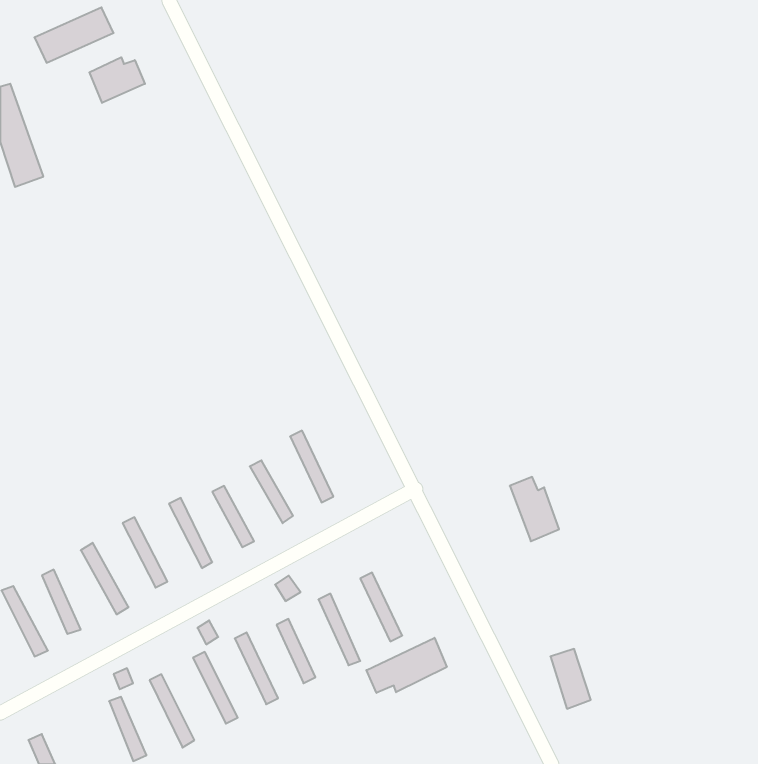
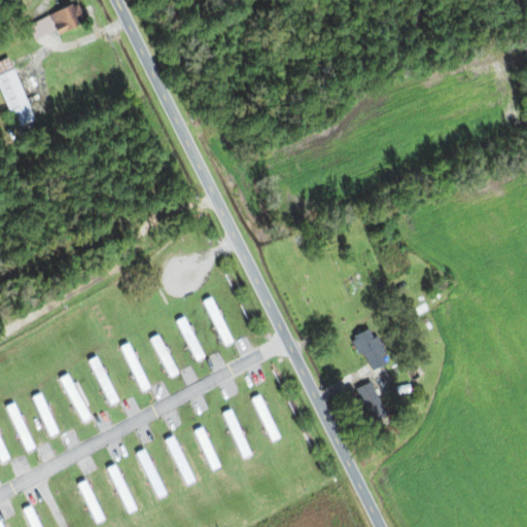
building: [89,57,145,103] -> none
building: [366,638,447,693] -> none
building: [550,649,591,709] -> [358,382,386,423]

